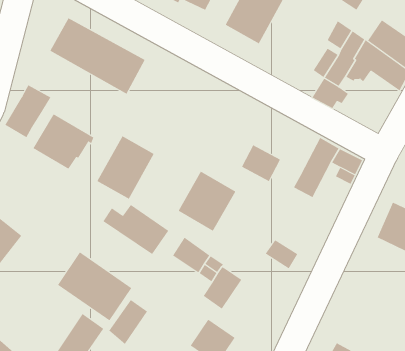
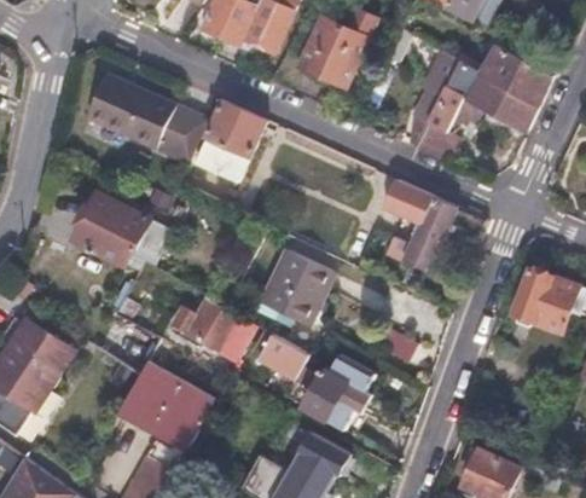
building: [4,84,51,138] -> none
building: [97,136,155,200] -> [195,103,263,181]
building: [241,144,281,182] -> [381,180,429,225]
building: none -> [326,354,371,429]
building: [109,299,148,345] -> none

